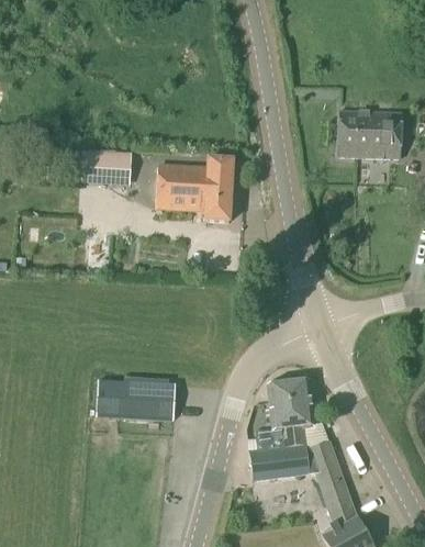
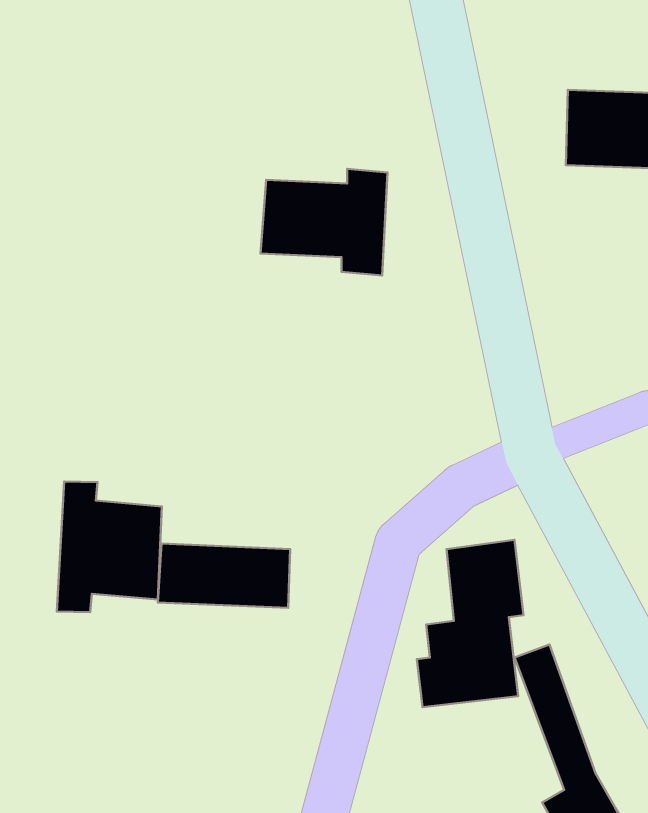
building: [82,149,133,186] -> none
building: none -> [57,481,162,612]

